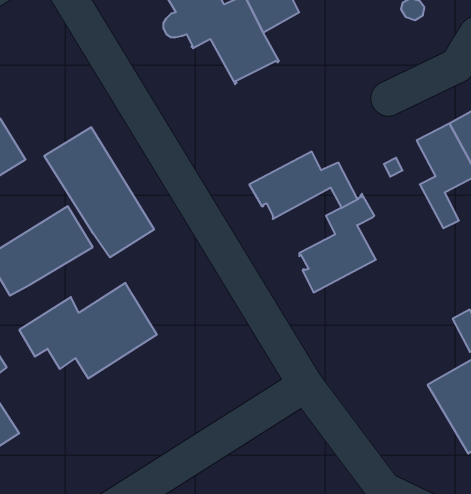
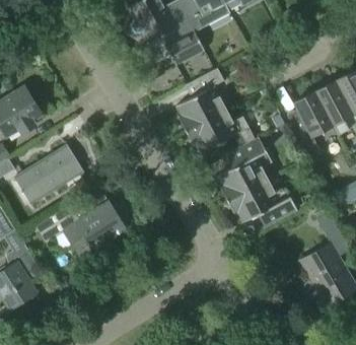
building: none -> [176,68,226,131]
building: [44,127,154,257] -> none
building: none -> [227,180,298,223]

